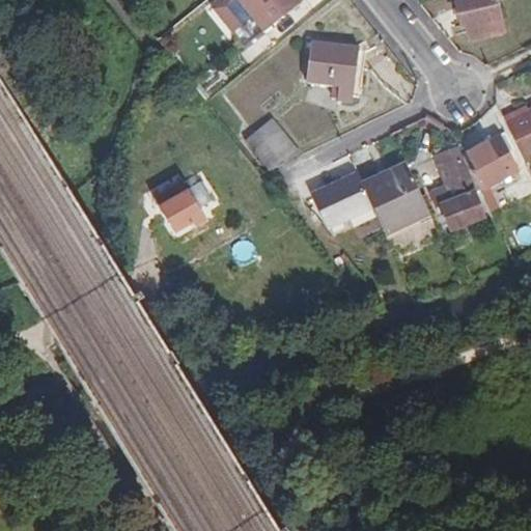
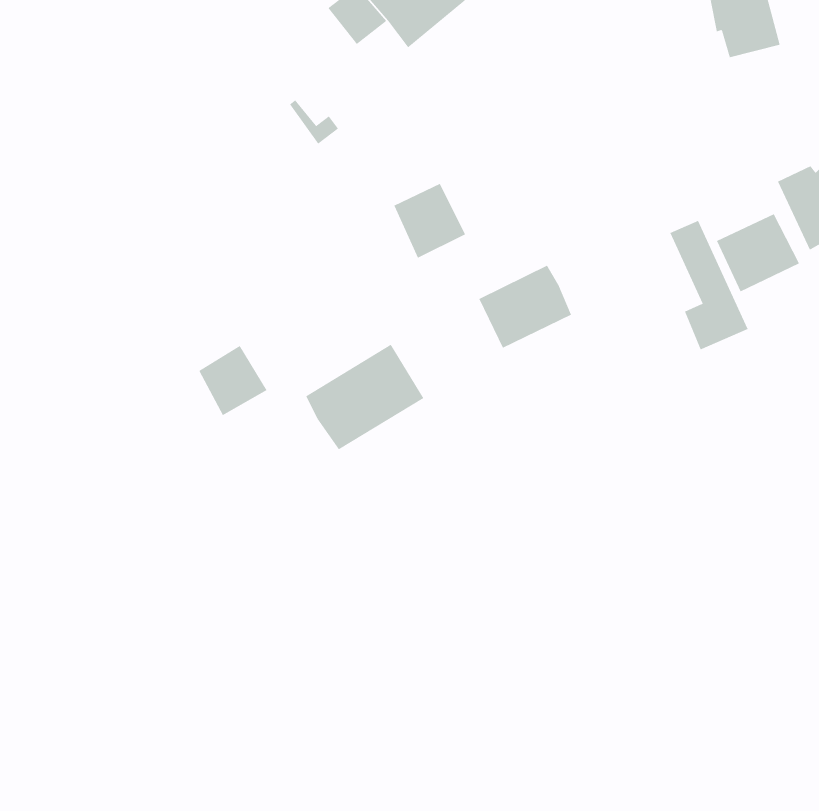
building: [304,38,358,101] -> none
building: [362,162,431,233] -> none
building: [160,192,204,237] -> [198,345,267,416]
building: none -> [305,344,424,450]

